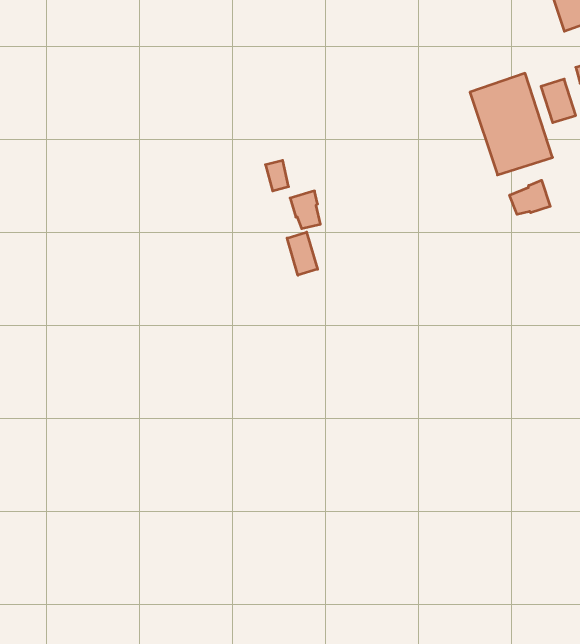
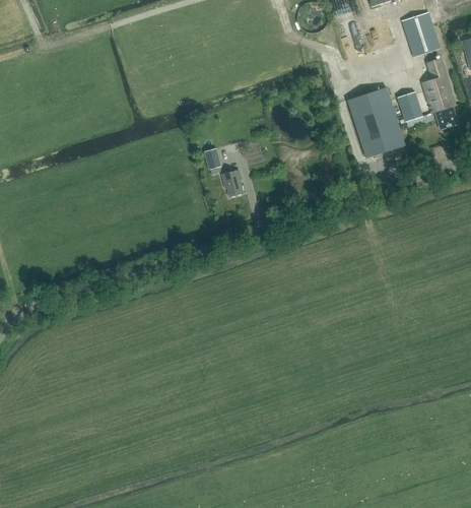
building: [510,180,550,214] -> none
building: [287,232,318,275] -> none

